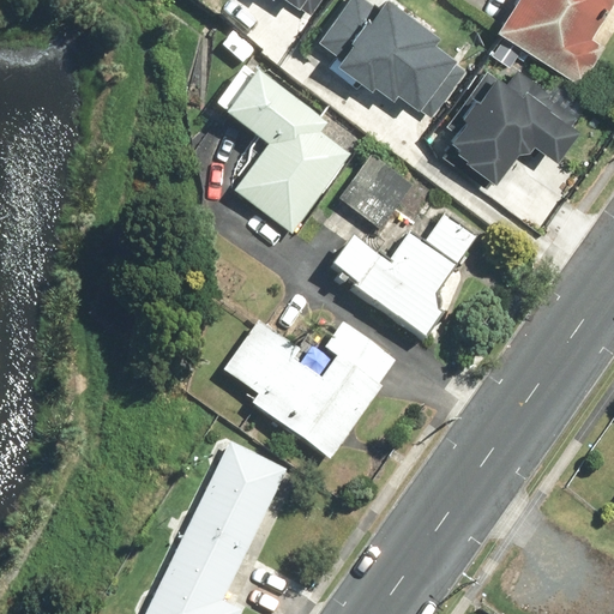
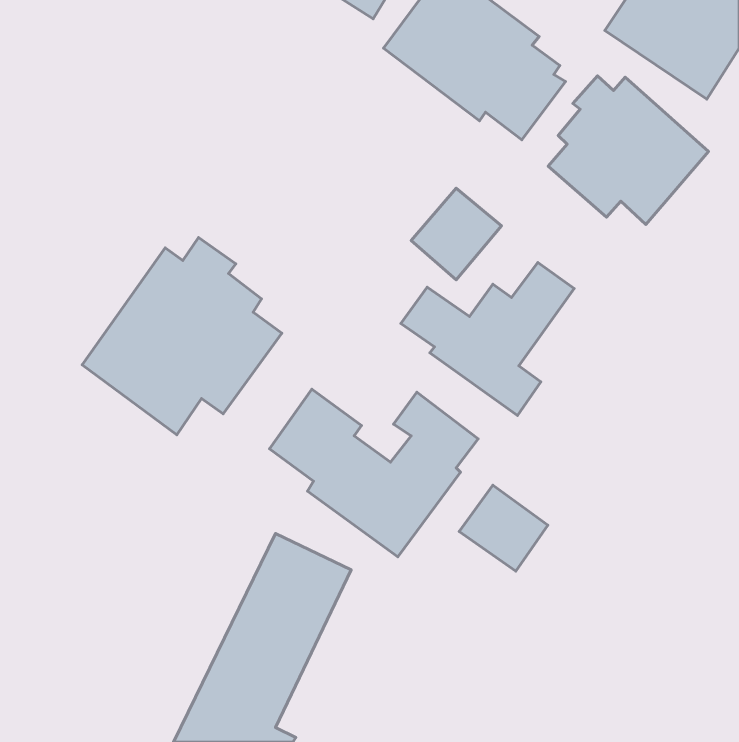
building: [219,68,349,234] -> none
building: none -> [82,238,282,435]
building: none -> [459,485,548,571]

